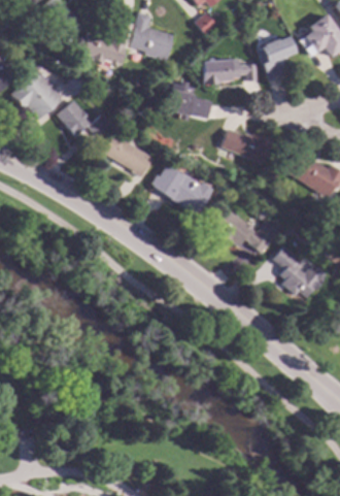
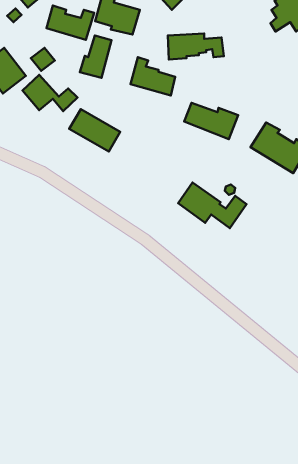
building: [261,34,296,79] -> none
building: none -> [80,36,111,78]
building: [154,164,215,214] -> none
building: [274,245,327,295] -> none

